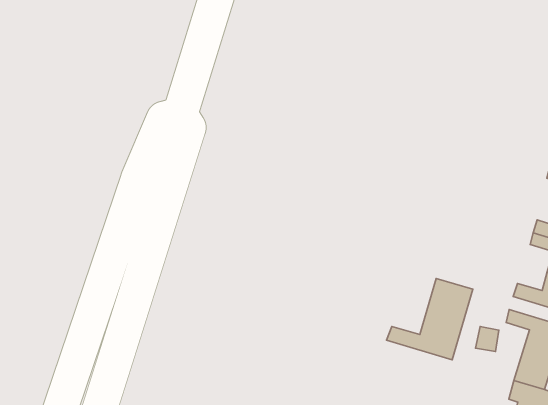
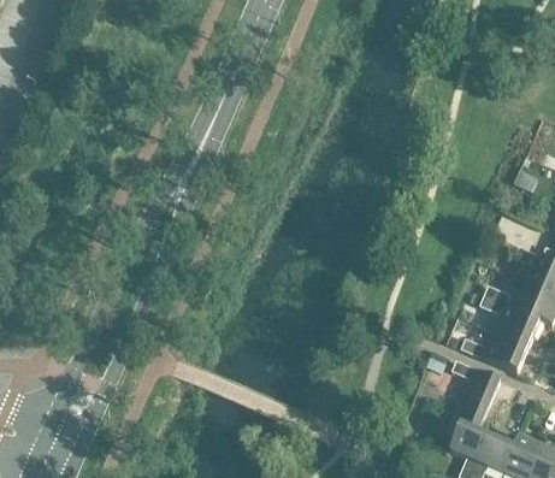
building: [386,278,473,360] -> none

